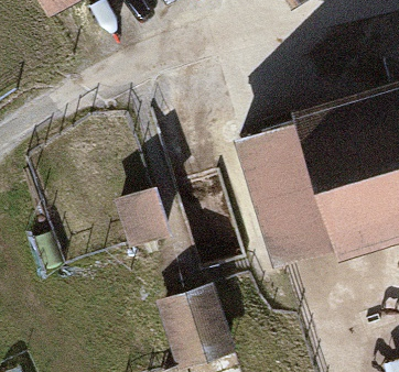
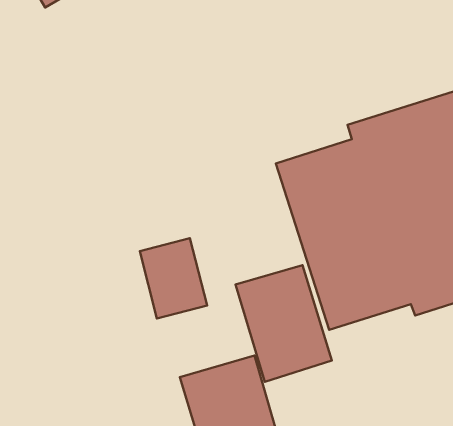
building: none -> [235,265,332,382]

